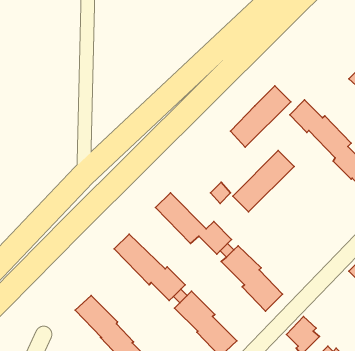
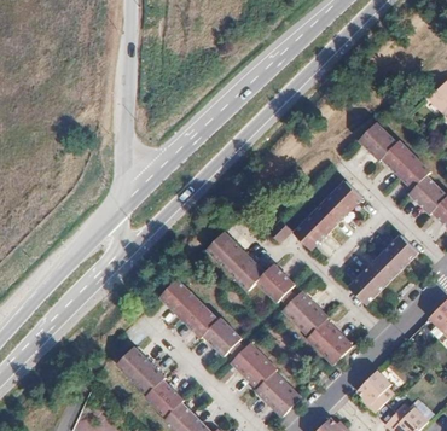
building: [230,86,291,147] -> [349,234,418,304]

